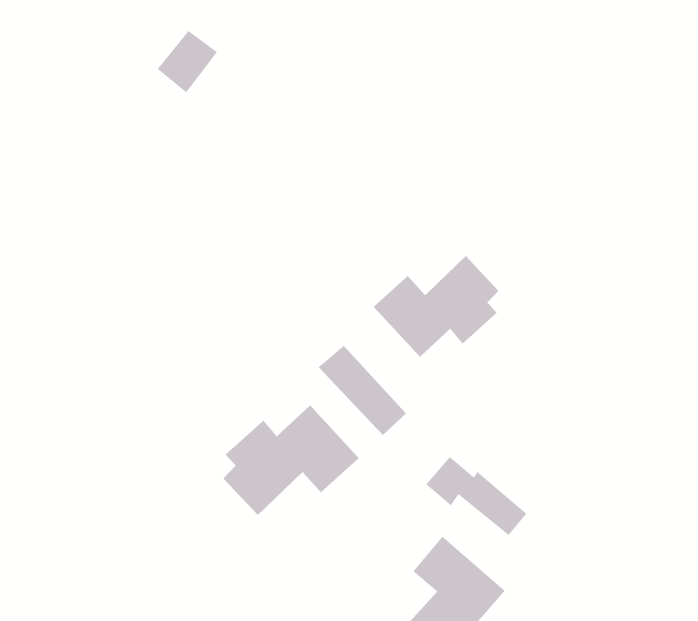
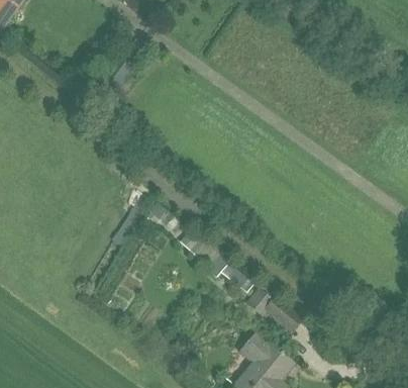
building: [373,255,499,362] -> none
building: [223,400,360,516] -> none

